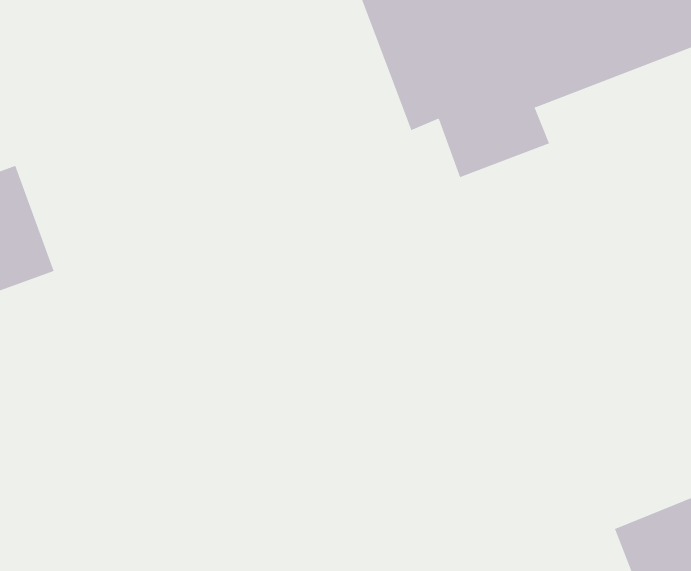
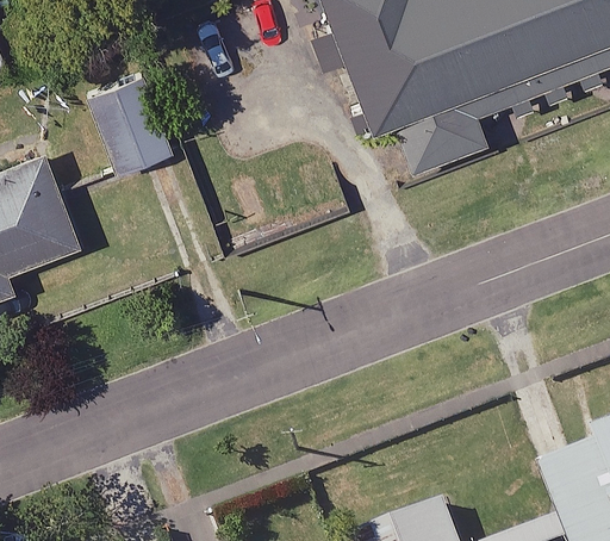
building: none -> [87,71,173,168]

